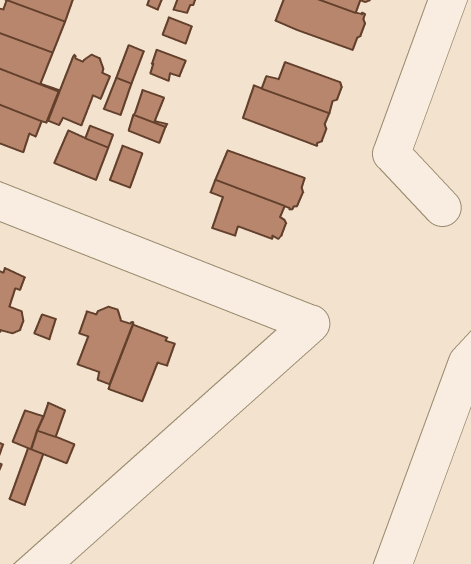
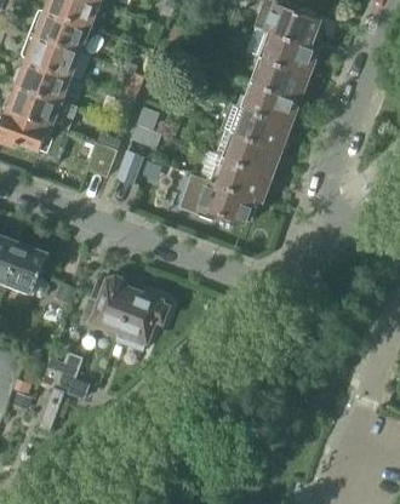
building: none -> [253,59,308,101]
building: [48,55,110,125] -> none
building: none -> [208,130,279,176]

